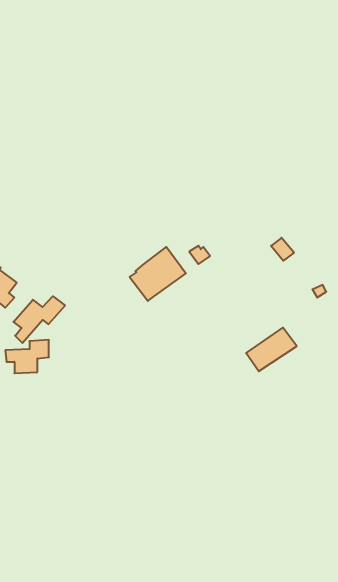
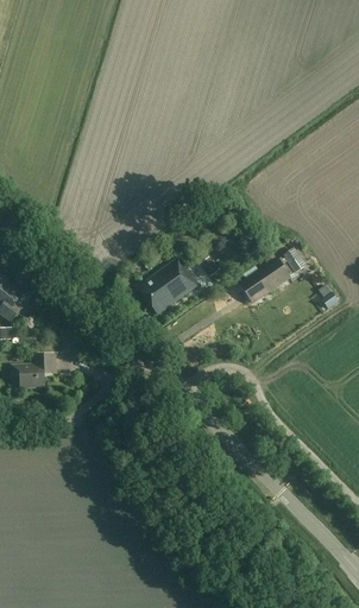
building: [13,296,65,343] -> none
building: [246,328,297,371] -> [238,258,290,303]

